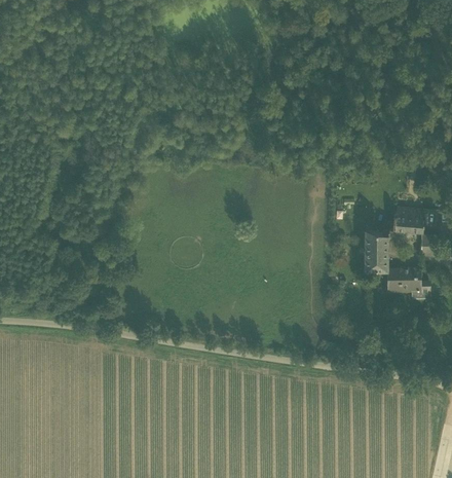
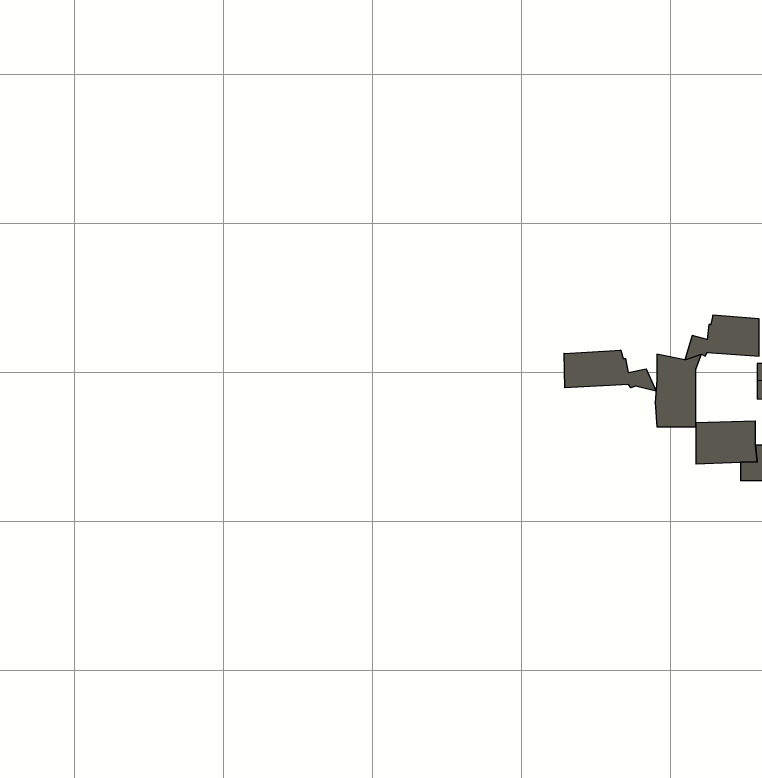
building: none -> [564,350,656,391]

